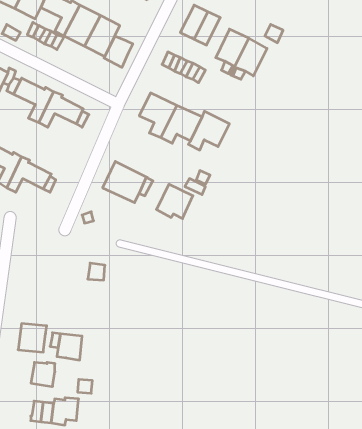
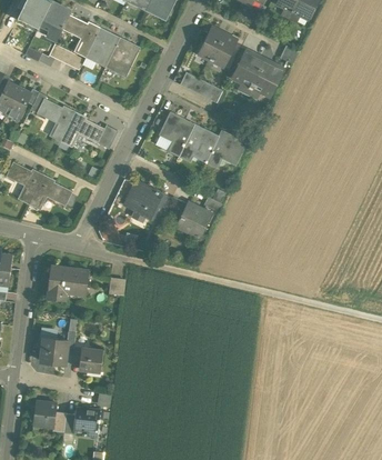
building: [104,36,133,67] -> none
building: none -> [46,264,88,300]
building: [31,362,55,386] -> [32,403,56,427]

